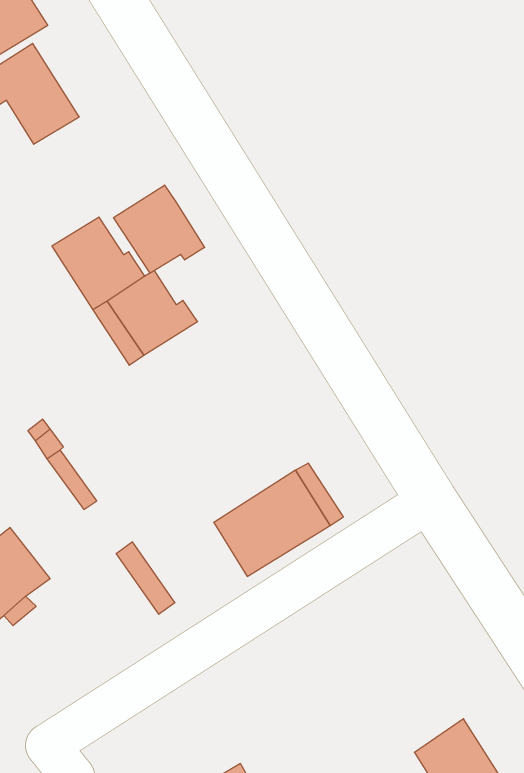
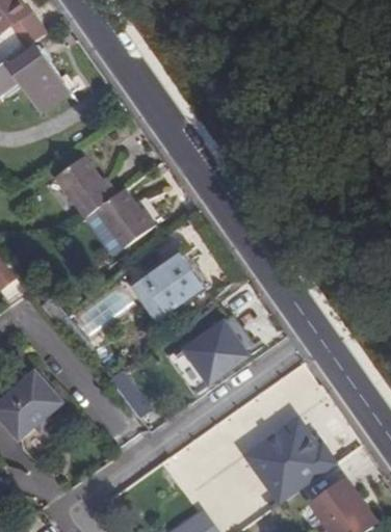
building: [114,185,205,273] -> none
building: none -> [128,251,203,323]
building: none -> [251,419,341,502]

